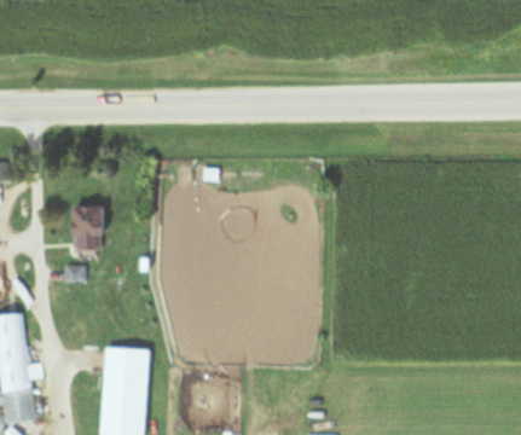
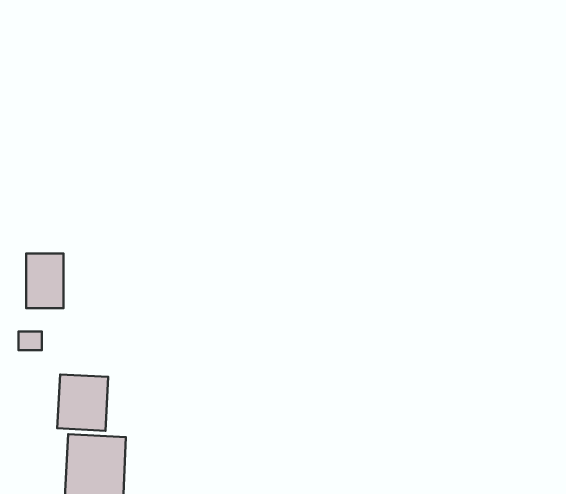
building: none -> [57,374,108,431]

